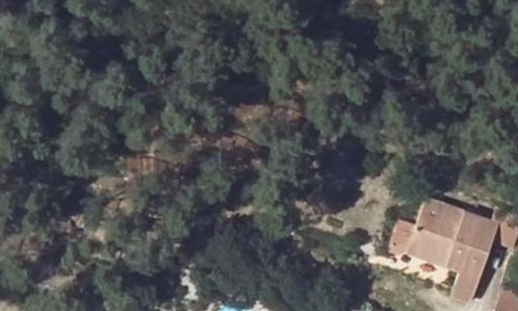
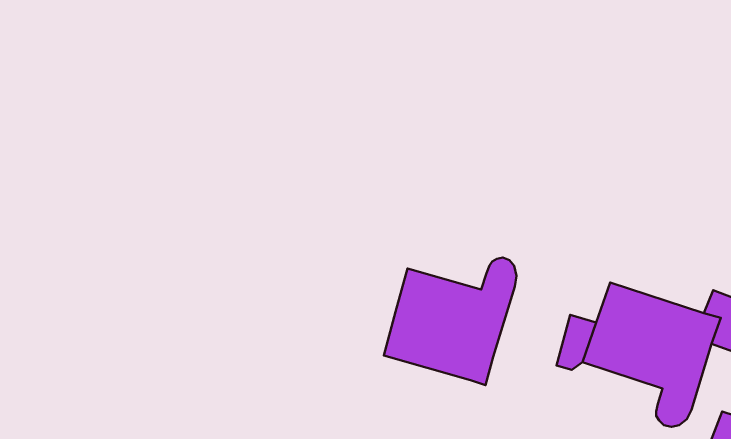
building: none -> [384,257,517,385]

